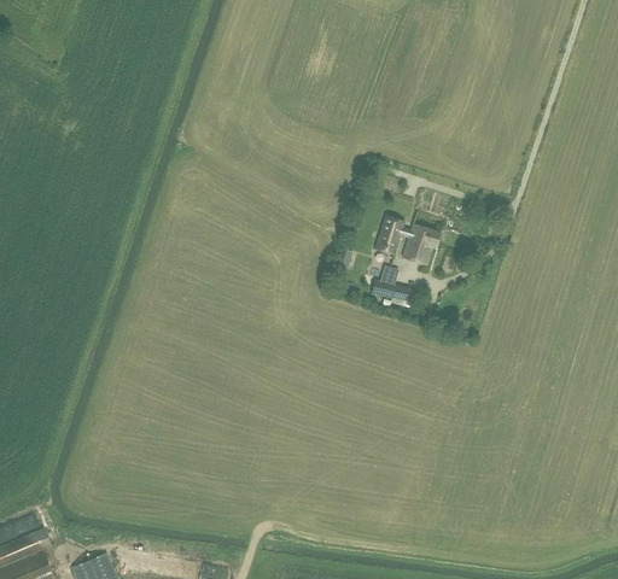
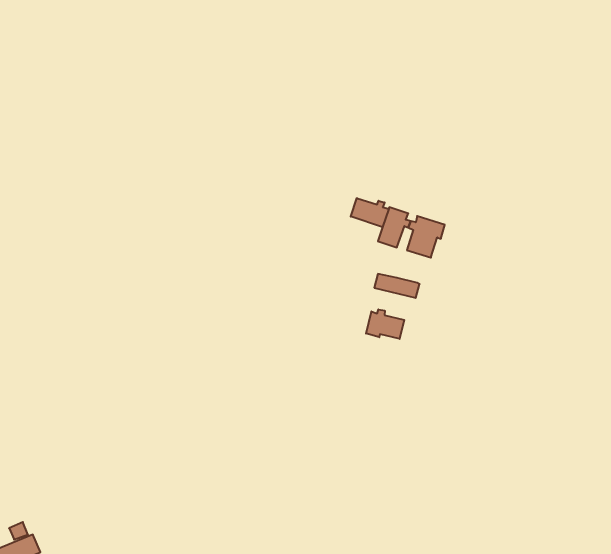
building: none -> [351,198,389,227]
building: none -> [366,309,404,339]

